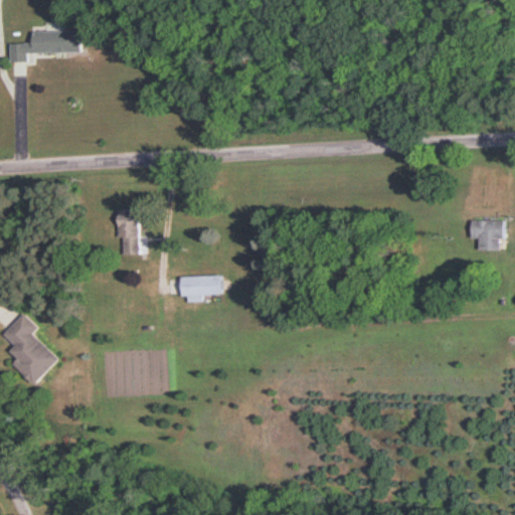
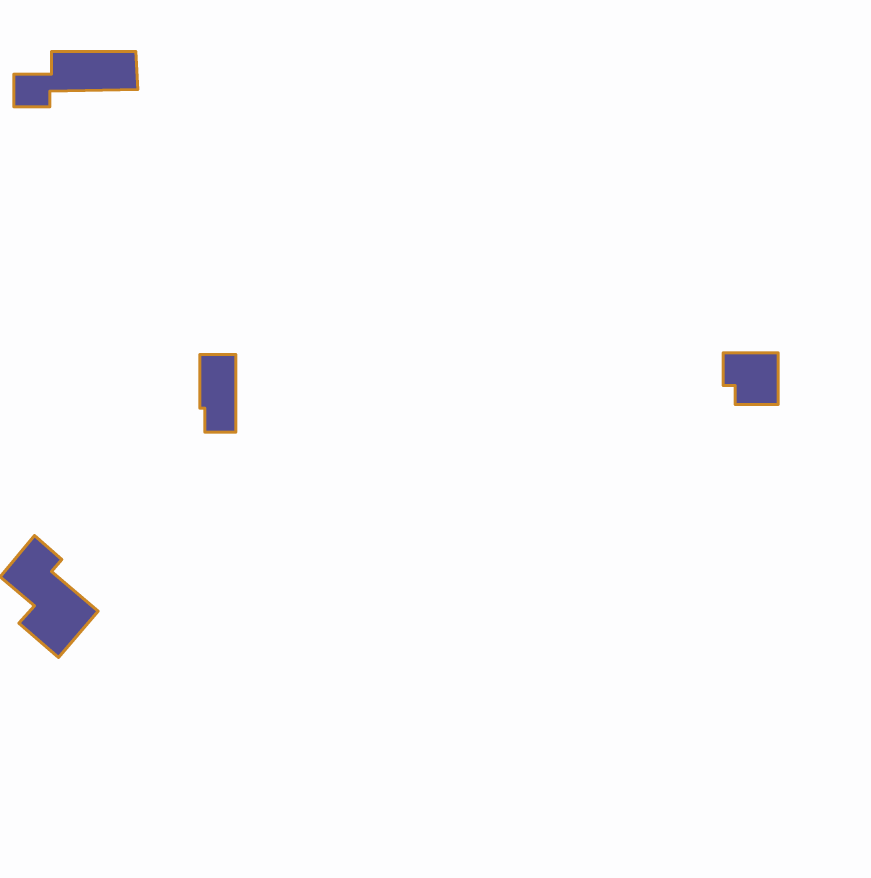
building: [470,219,502,249] -> [723,353,778,404]
building: [180,276,219,299] -> none

